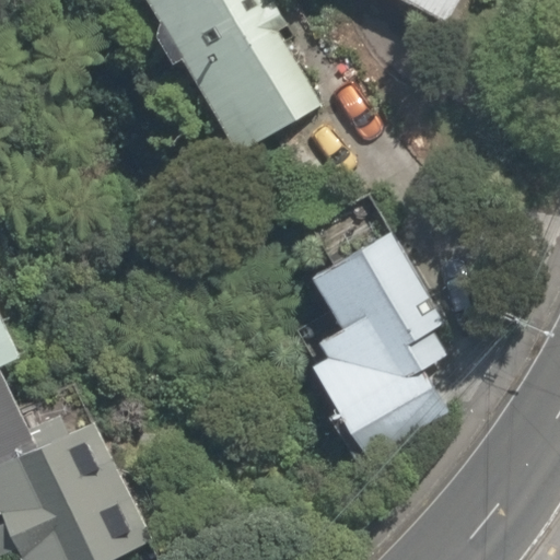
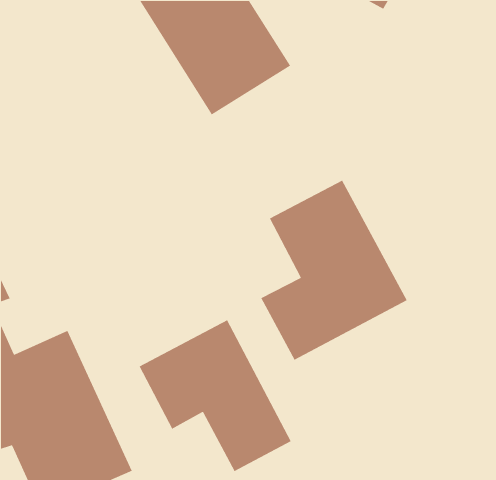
building: none -> [138,319,292,472]

